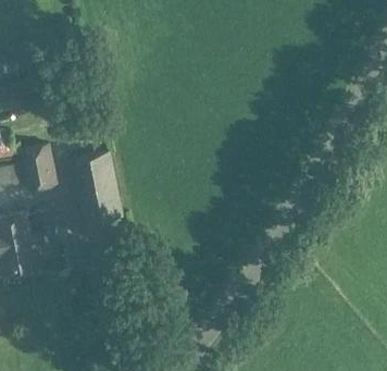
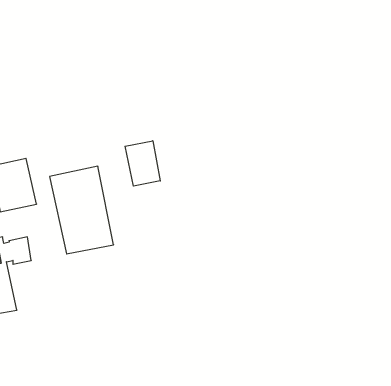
building: none -> [125,141,160,186]

